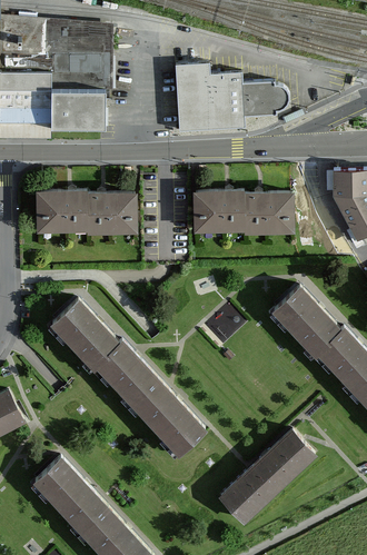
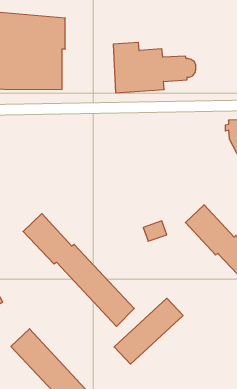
building: [38,191,135,235] -> none
building: [195,191,292,235] -> none
building: [220,430,315,521] -> [114,298,183,364]

